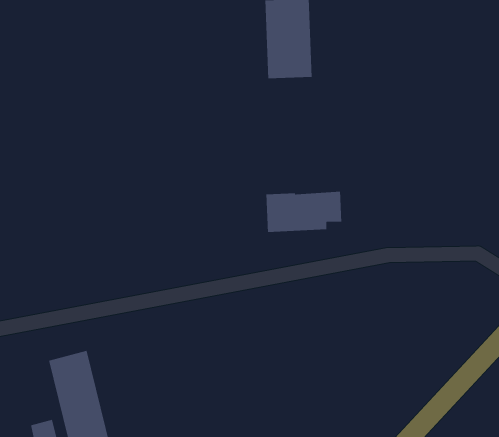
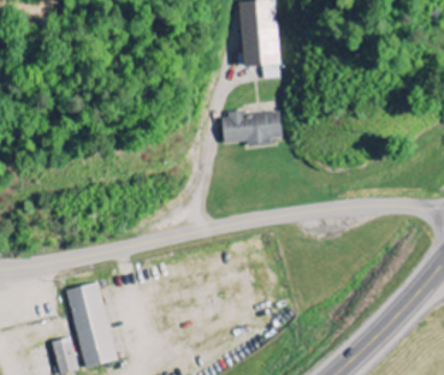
building: [266,191,342,233] -> [221,112,283,145]

